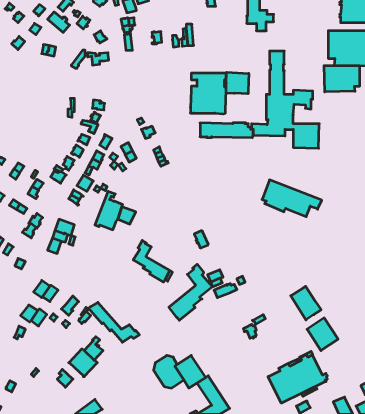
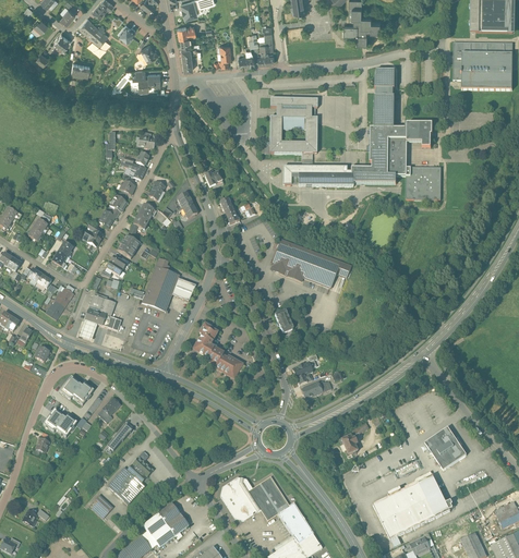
building: [324,66,359,92] -> none
building: [226,72,249,94] -> none
building: [262,180,322,217] -> [271,238,351,287]
building: [169,264,212,320] -> none
building: [291,286,321,320] -> none
building: [88,302,139,342] -> none
building: none -> [143,501,189,546]

